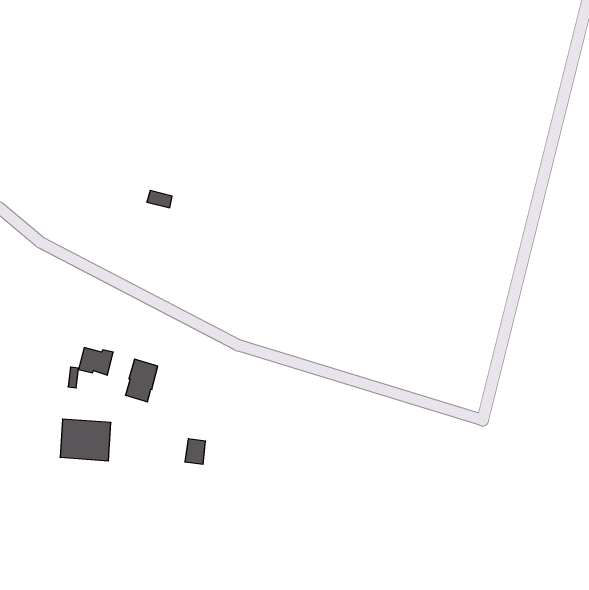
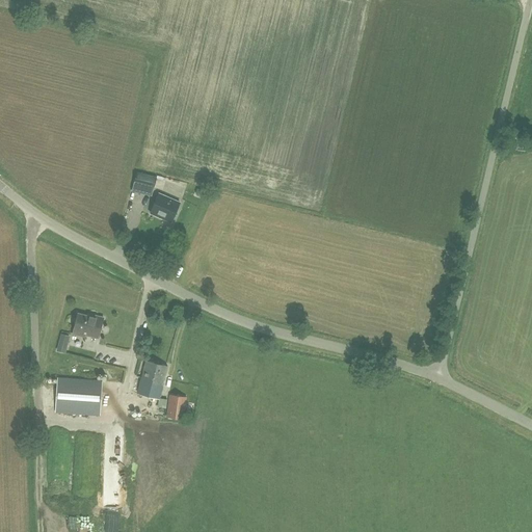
building: none -> [149,192,179,222]
building: [125,359,158,402] -> [137,360,166,398]

